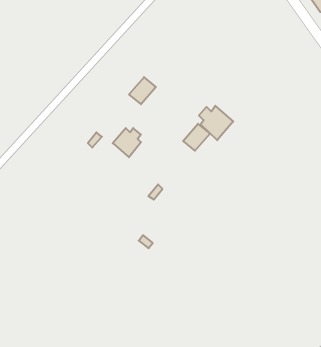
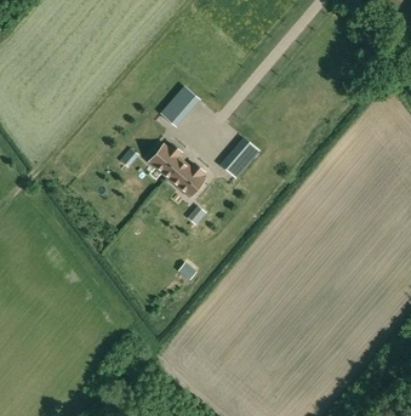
building: [199,106,233,140] -> none
building: none -> [167,160,204,196]

